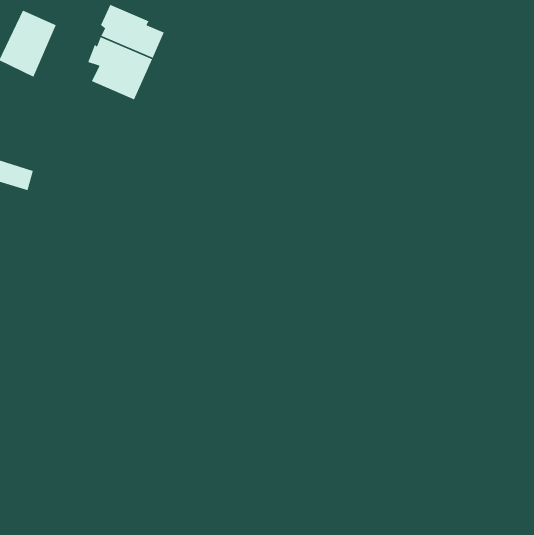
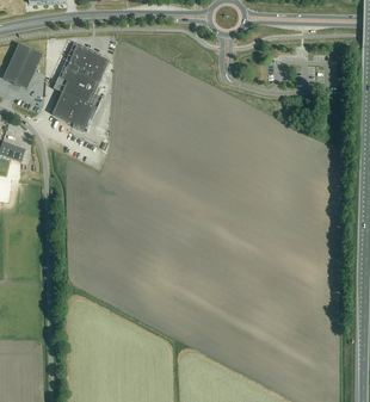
building: none -> [53,89,97,130]

